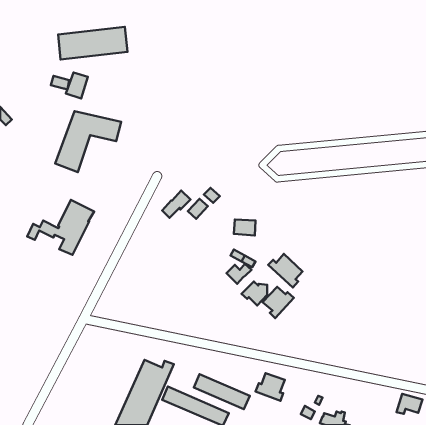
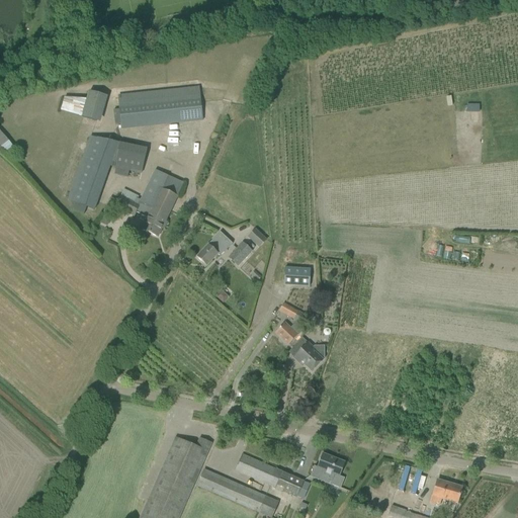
building: [58,27,127,59] -> [118,88,202,127]
building: [27,200,94,255] -> [103,168,184,235]
building: [268,254,302,287] -> none
building: [263,287,294,318] -> none
building: [396,394,422,414] -> [431,479,462,503]

